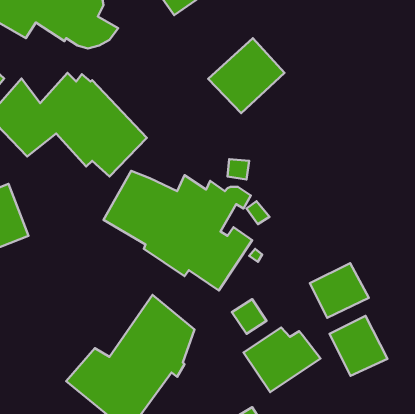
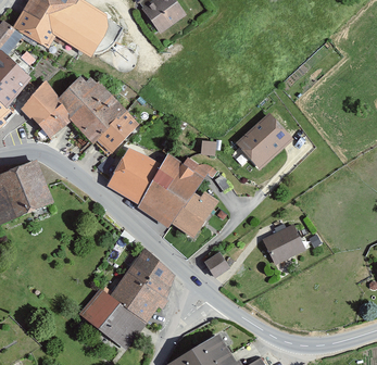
building: [208,38,285,113] -> [235,114,292,171]
building: [329,316,388,376] -> none
building: [244,328,321,392] -> none

